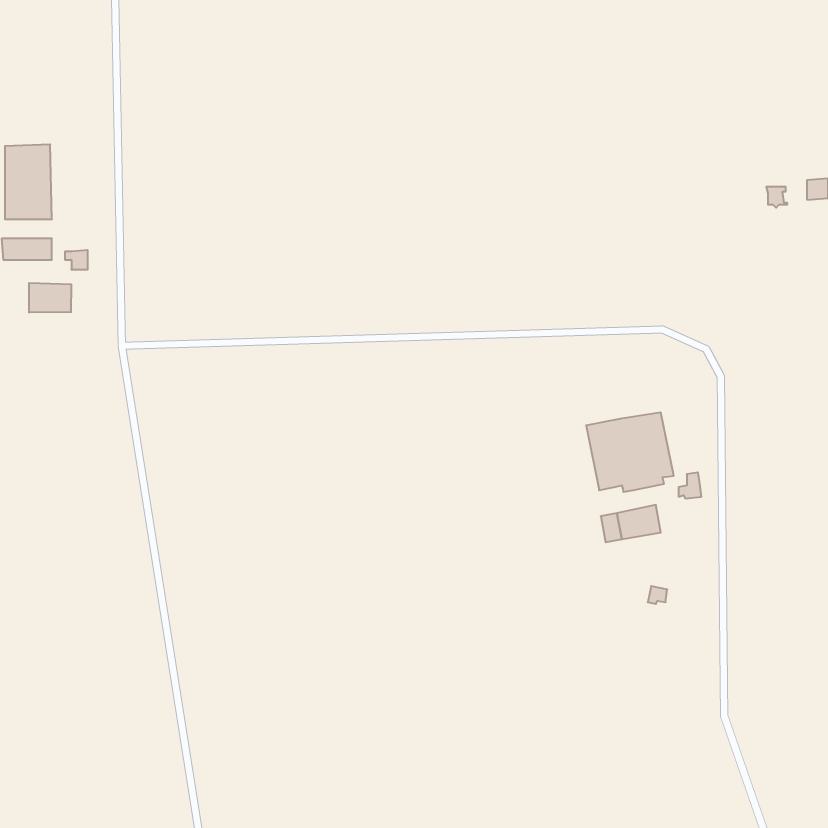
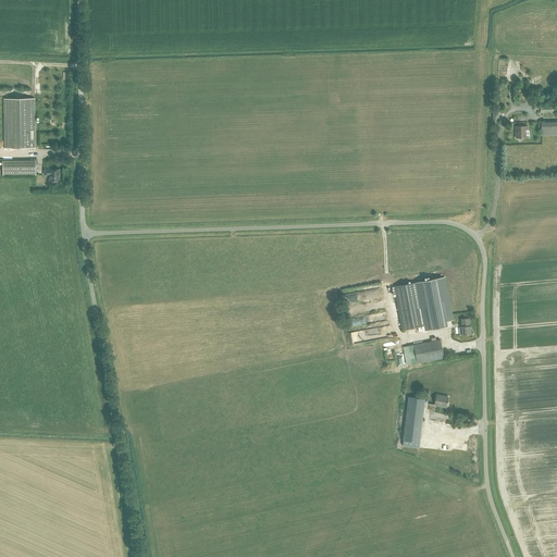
building: [29,283,71,313] -> none
building: none -> [403,395,424,447]

